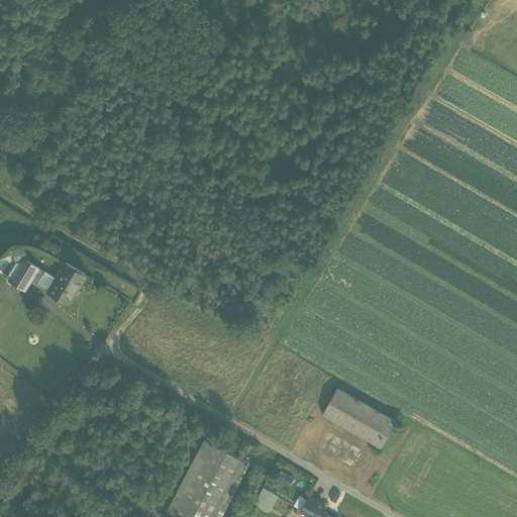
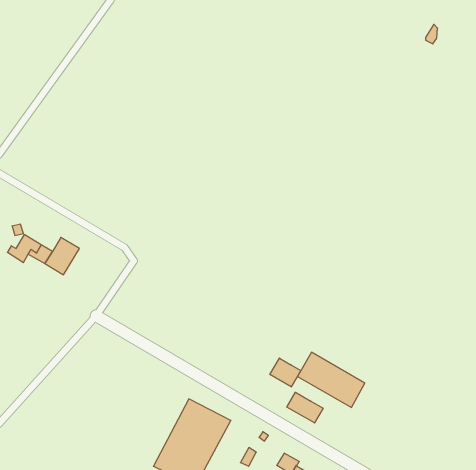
building: none -> [270,358,301,387]
building: none -> [287,392,323,423]

